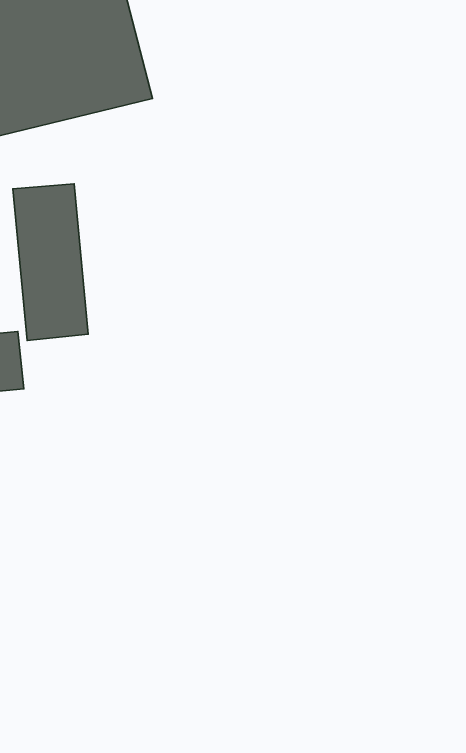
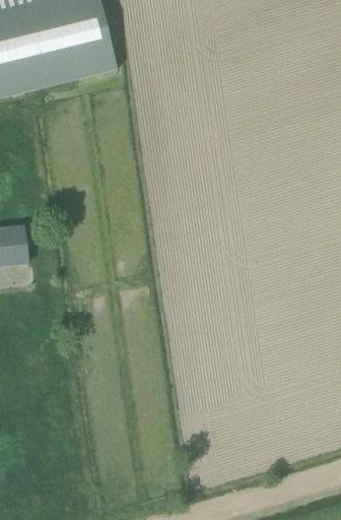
building: [13,184,88,341] -> none

